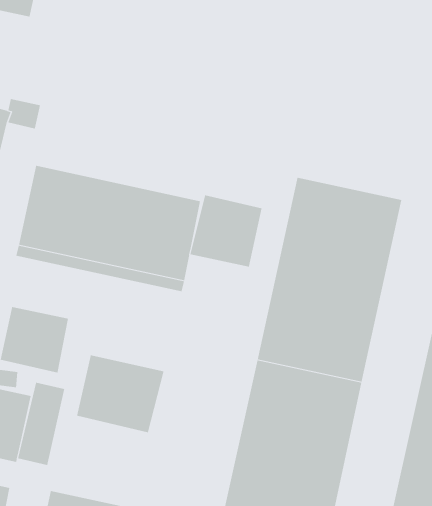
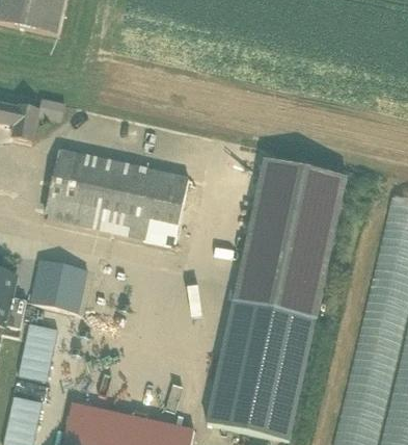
building: [190,194,262,268] -> none
building: [77,354,164,433] -> none
building: [18,382,65,466] -> none

